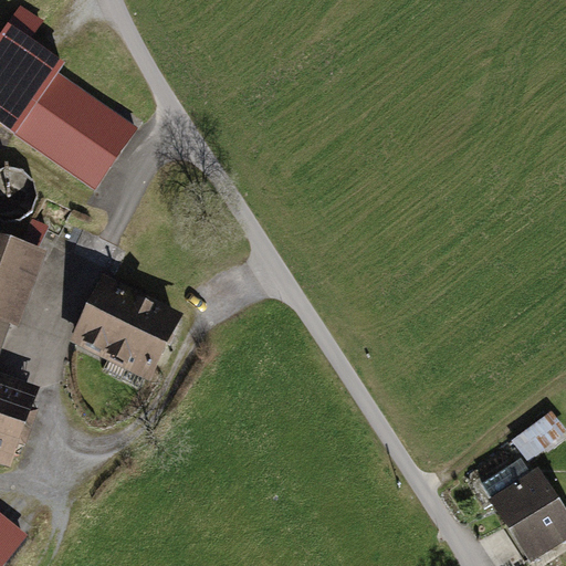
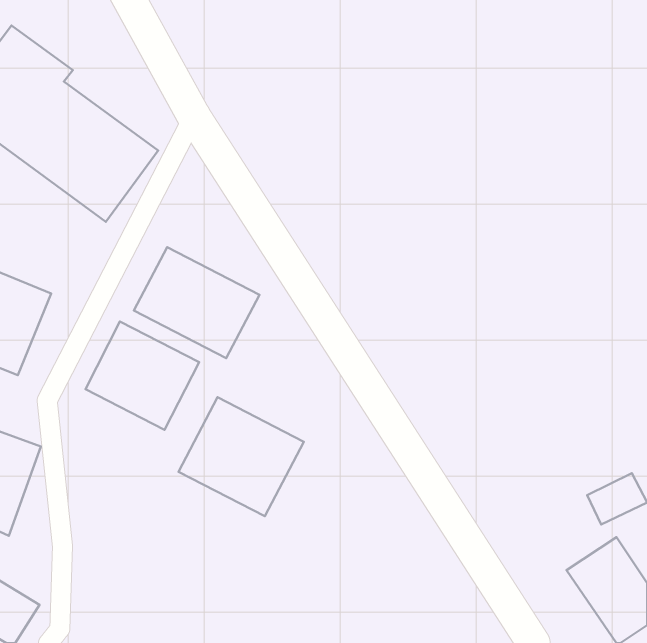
building: none -> [134,247,259,358]
building: none -> [178,397,304,516]

